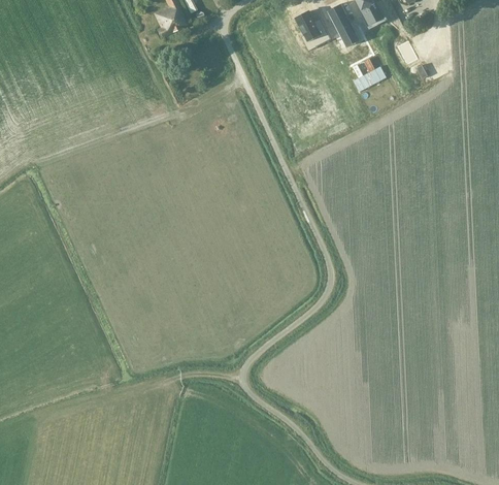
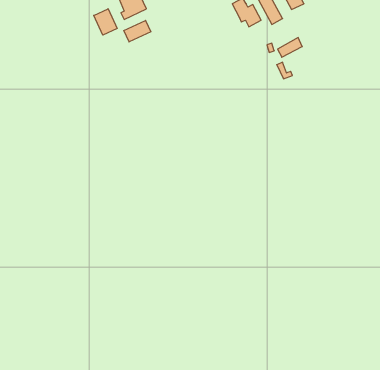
building: none -> [94,9,117,35]
building: none -> [124,20,151,42]

